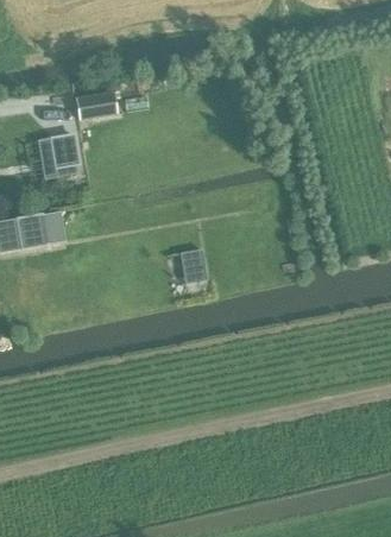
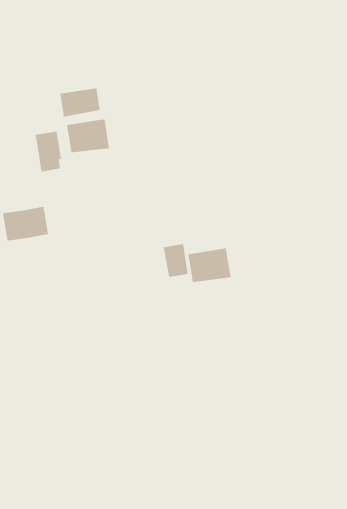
building: none -> [67,119,110,153]
building: none -> [188,248,231,283]

